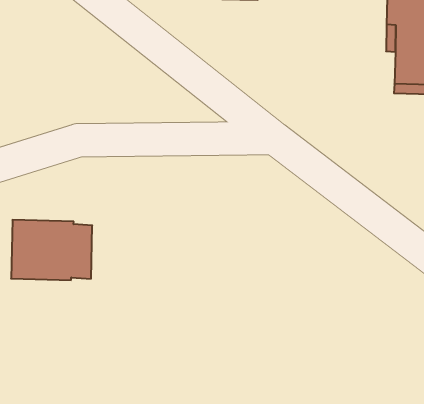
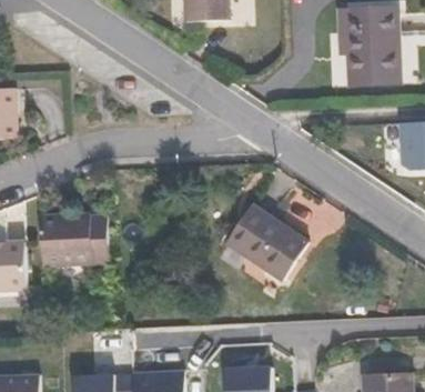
building: none -> [226,204,308,281]

